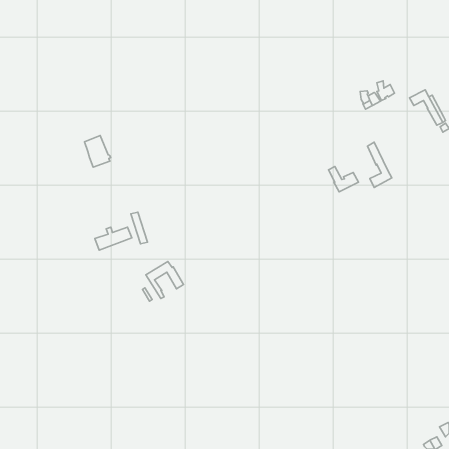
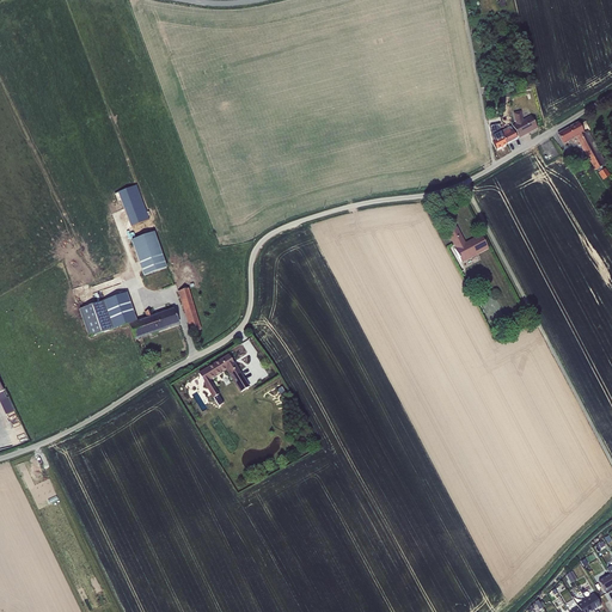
building: [368,142,392,187] -> none
building: none -> [131,231,167,275]
building: none -> [79,292,136,337]

